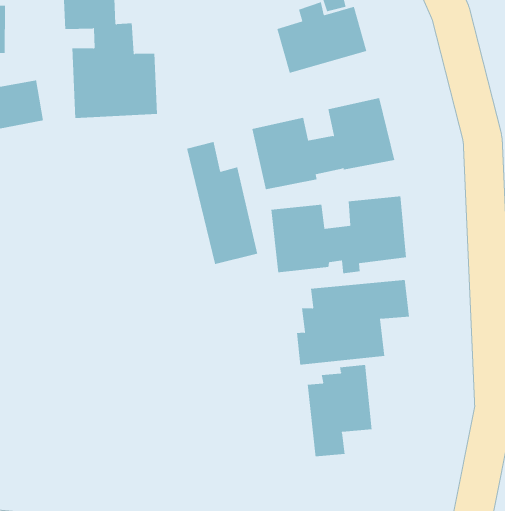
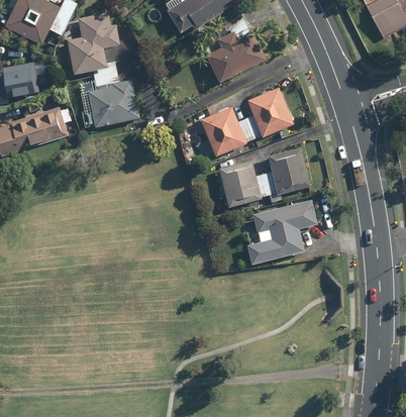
building: [187,141,258,265] -> none
building: [307,364,372,457] -> none

